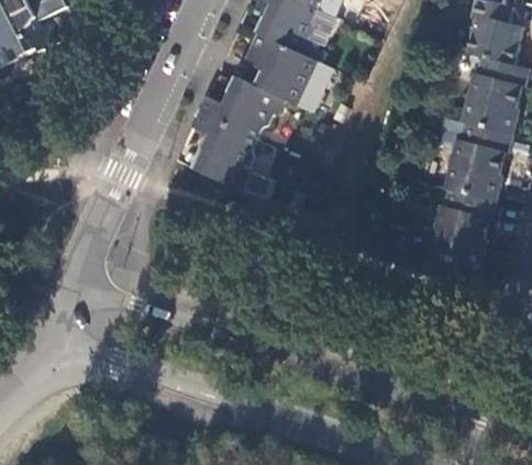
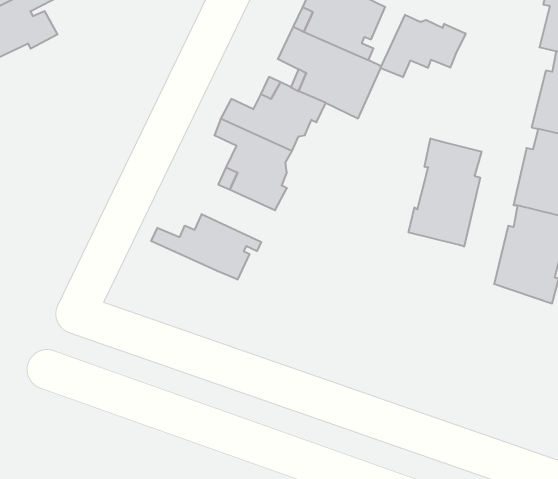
building: none -> [381,15,466,77]
building: none -> [409,138,481,247]
building: none -> [151,214,261,280]

